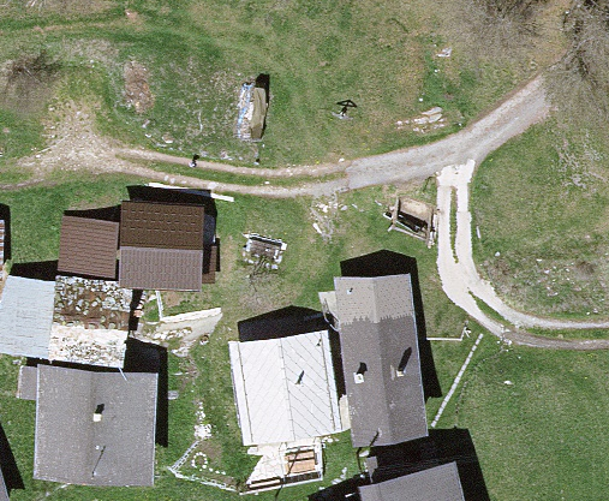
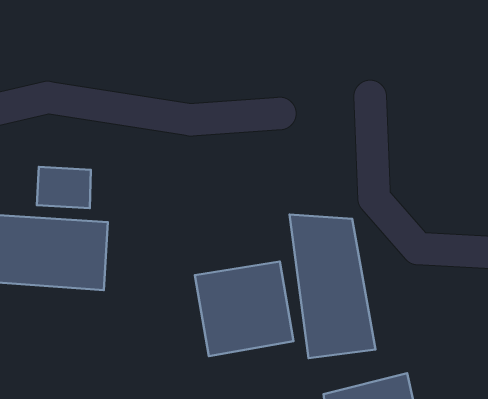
building: [123,209,204,285] -> none
building: [36,370,156,478] -> none

